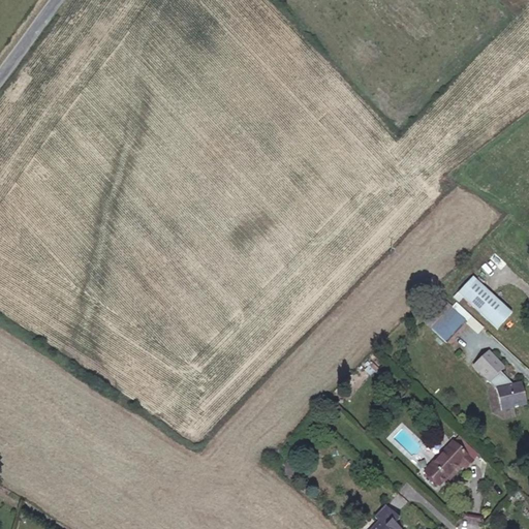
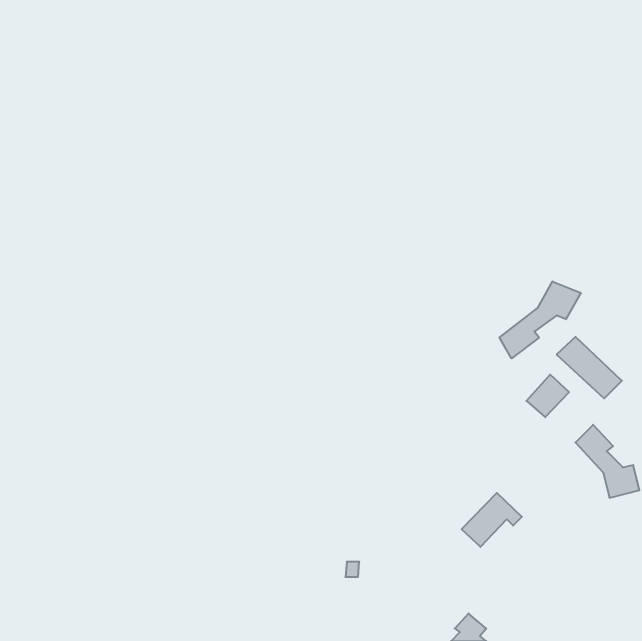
building: none -> [499,281,581,358]
building: [424,440,473,485] -> [462,493,522,547]

